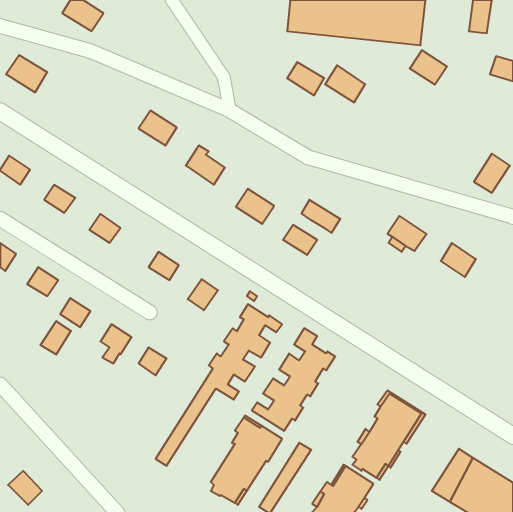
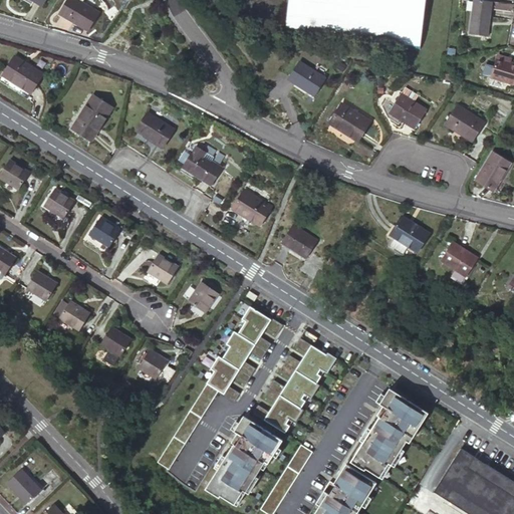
building: [410,50,447,84] -> [388,97,425,132]
building: [325,65,365,102] -> [329,104,369,142]
building: none -> [77,96,116,142]
building: none -> [443,107,482,143]
building: [302,200,340,233] -> none
building: [41,321,71,355] -> none

